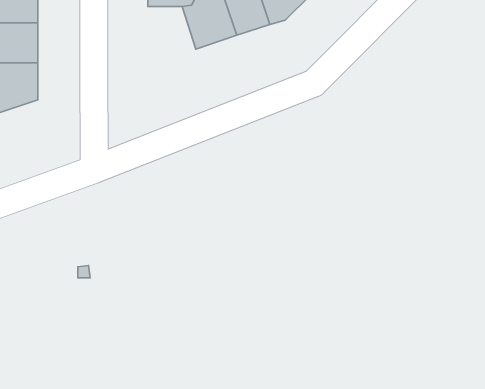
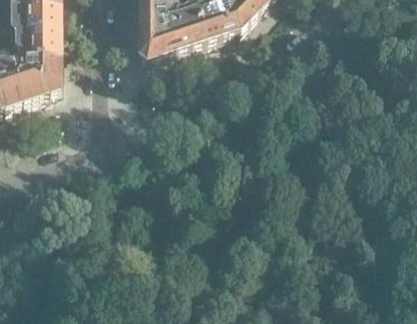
building: none -> [141,19,176,59]

